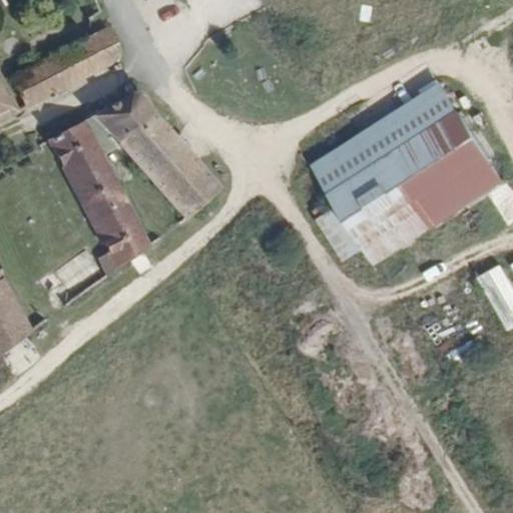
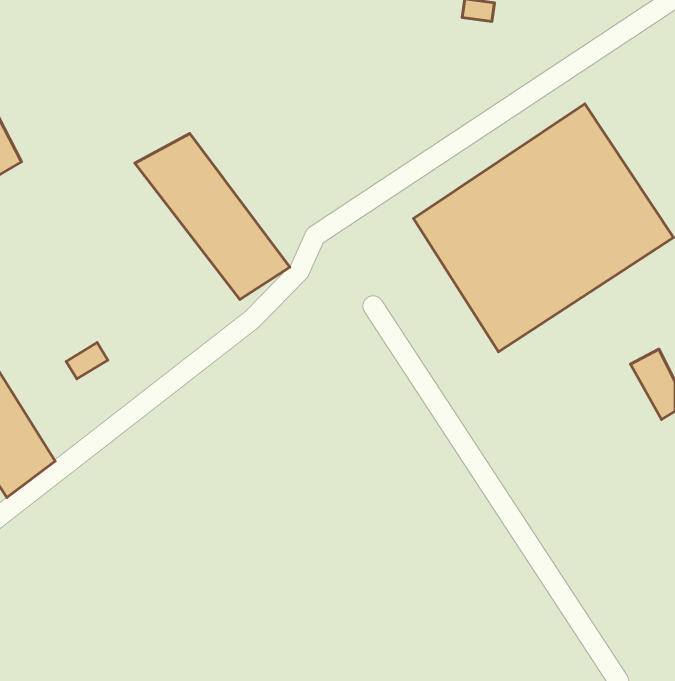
building: [9,32,115,114] -> none
building: [55,128,153,273] -> none

